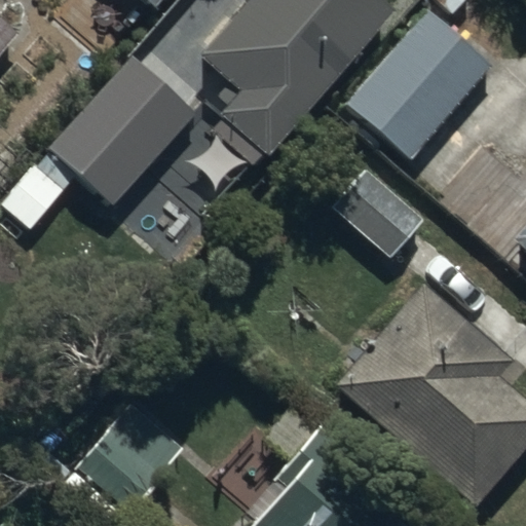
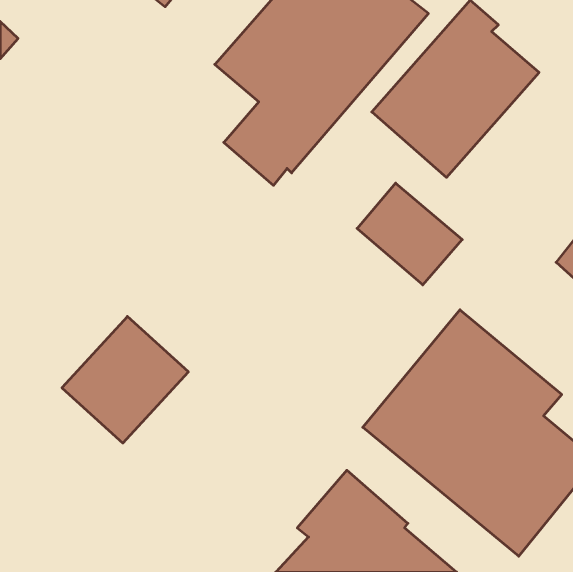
building: [52,52,198,201] -> none
building: [71,401,186,516] -> [62,316,188,443]

